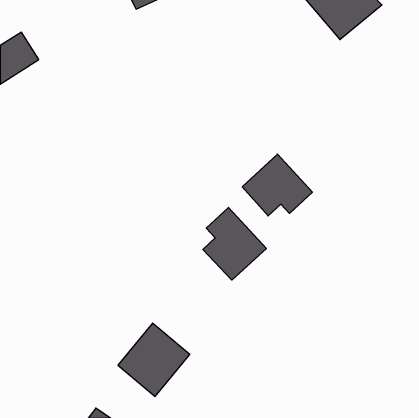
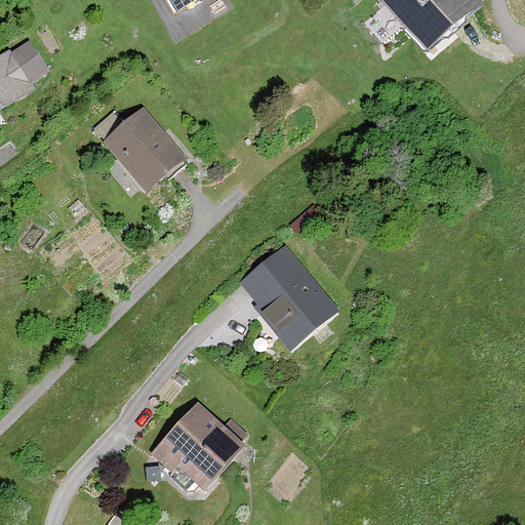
building: none -> [97,98,186,191]
building: [242,154,312,216] -> none

